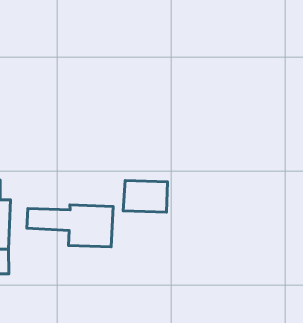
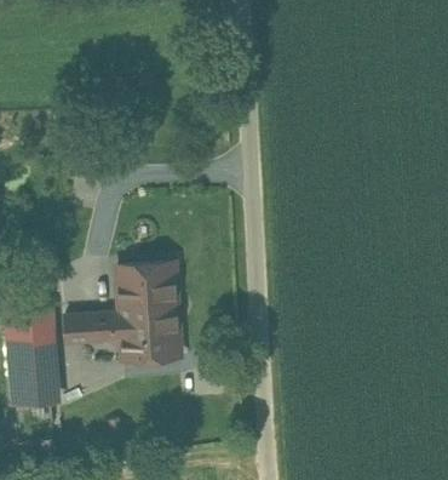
building: [123,181,168,212] -> [119,265,176,308]

